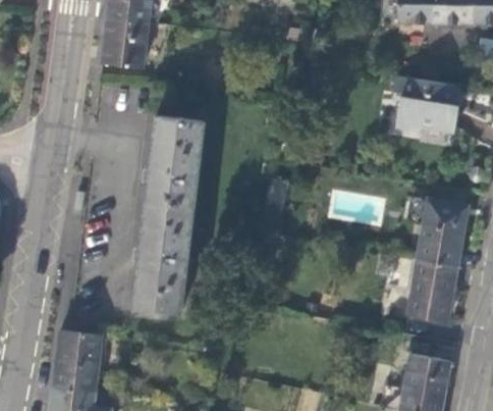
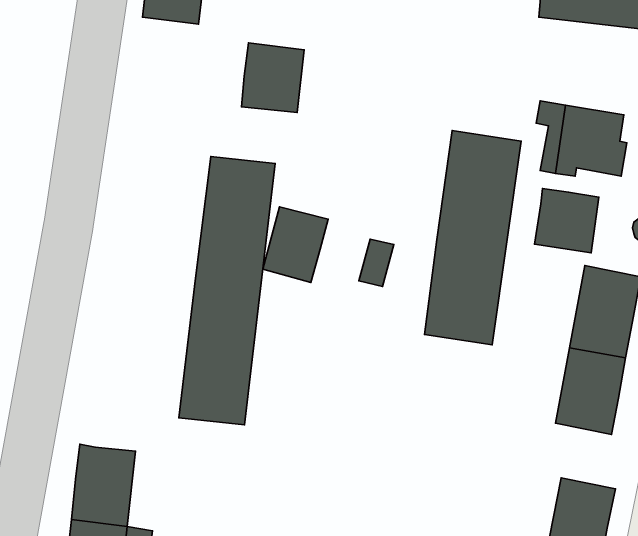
building: [101,17,147,68] -> [242,43,304,113]
building: none -> [424,131,521,345]
building: none -> [535,188,599,253]
building: none -> [263,207,328,282]

